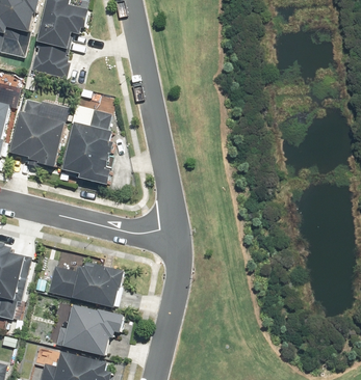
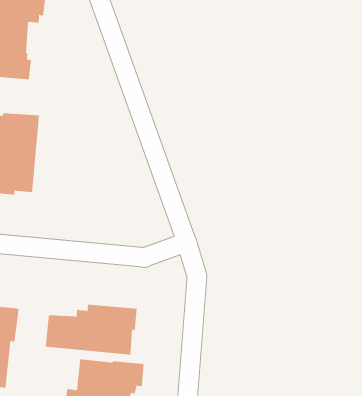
building: [60,110,113,185] -> none

